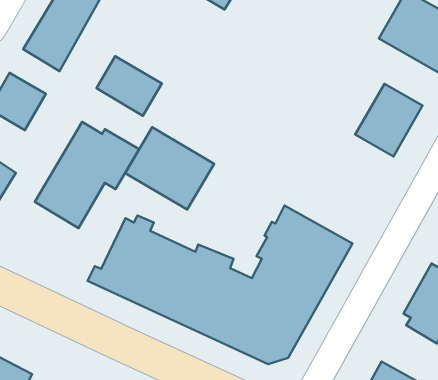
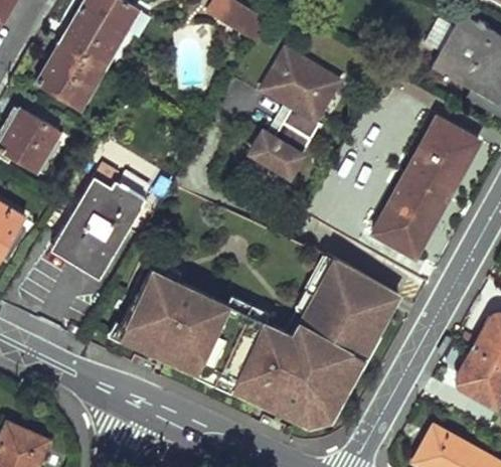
building: none -> [252,50,340,176]
building: [96,56,162,116] -> none
building: [125,127,214,210] -> none
building: none -> [373,176,447,256]

